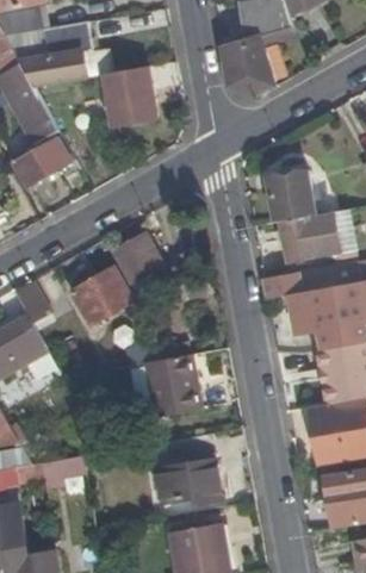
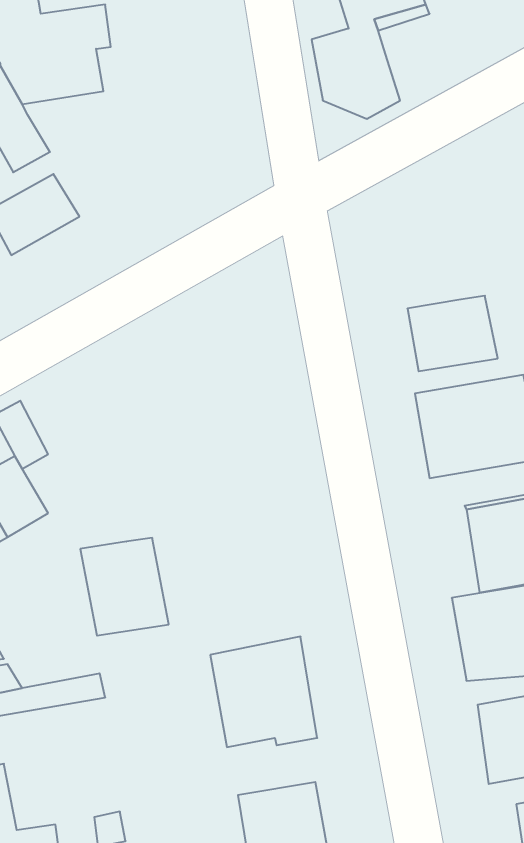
building: [103,76,160,138] -> none
building: [267,170,315,222] -> none
building: [113,233,162,295] -> none
building: [69,268,131,325] -> none
building: [139,356,197,419] -> [80,538,169,636]

